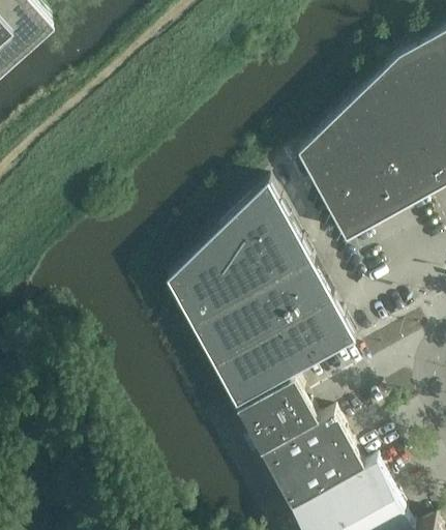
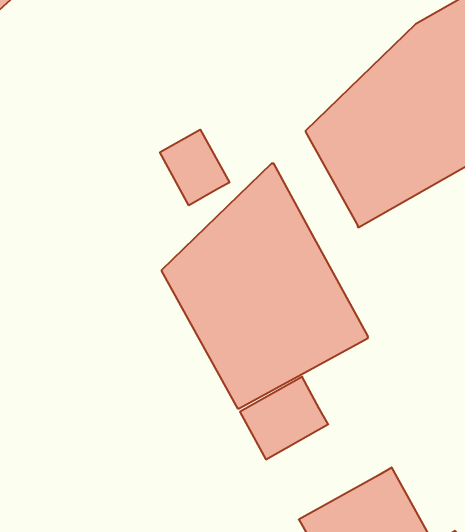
building: none -> [160,130,229,205]
building: [263,415,365,509] -> none

